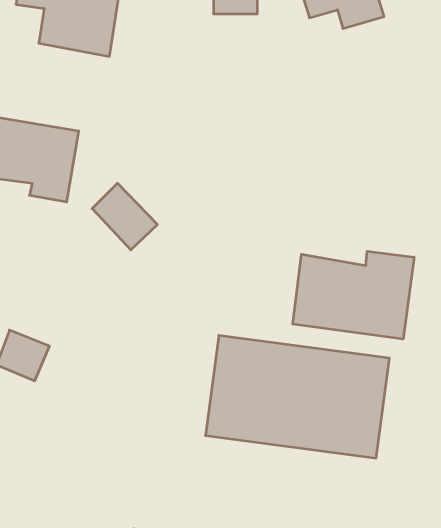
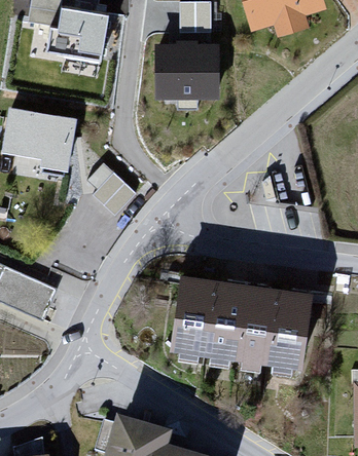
building: none -> [150,42,217,103]
building: [293,251,414,339] -> none

